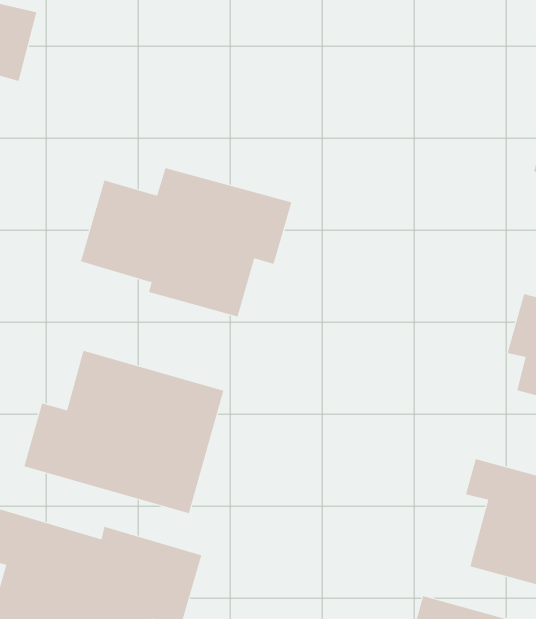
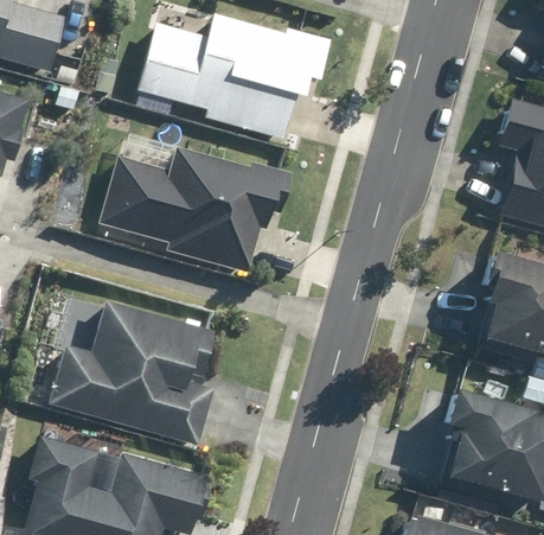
building: none -> [137,15,331,142]

